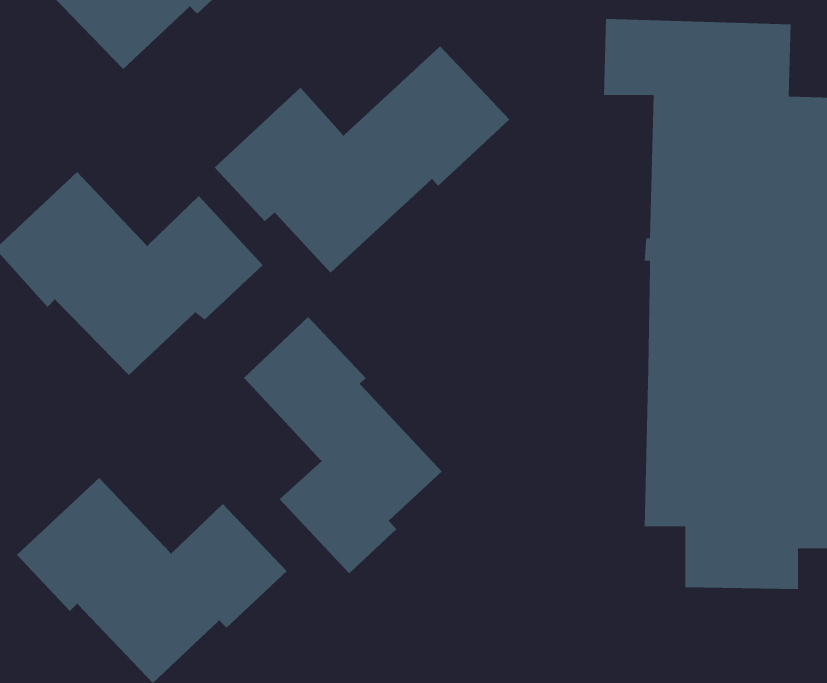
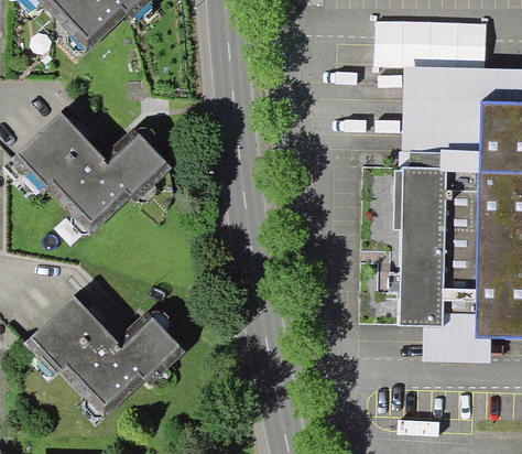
building: [214,45,510,273] -> none
building: [243,316,442,574] -> none

